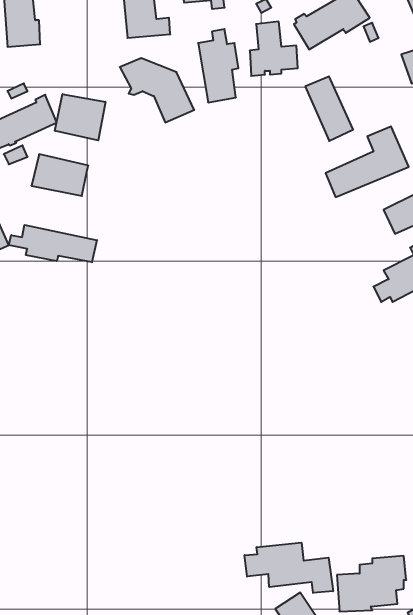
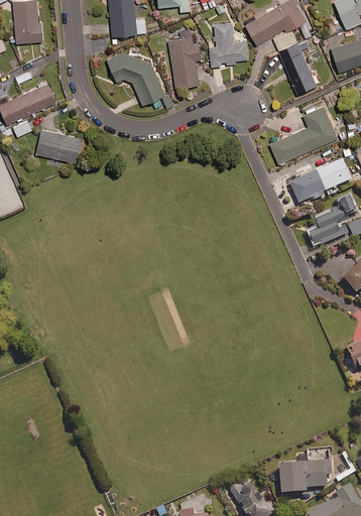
building: [305,76,353,141] -> [278,41,317,93]
building: [55,94,105,140] -> none
building: none -> [291,171,326,202]
building: [9,225,97,262] -> none
building: [245,543,333,593] -> none

